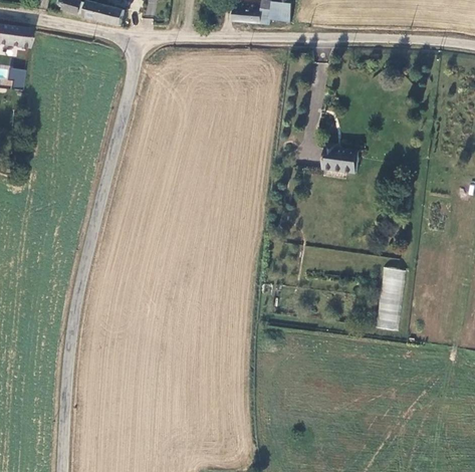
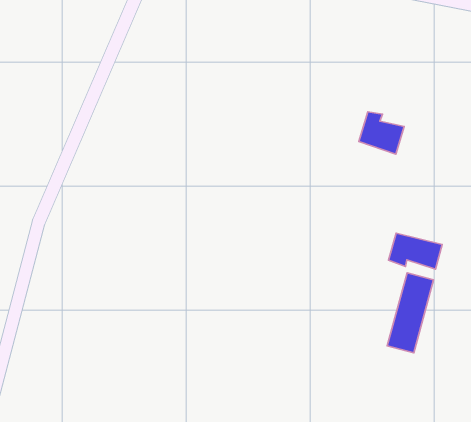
building: none -> [389,233,442,269]

